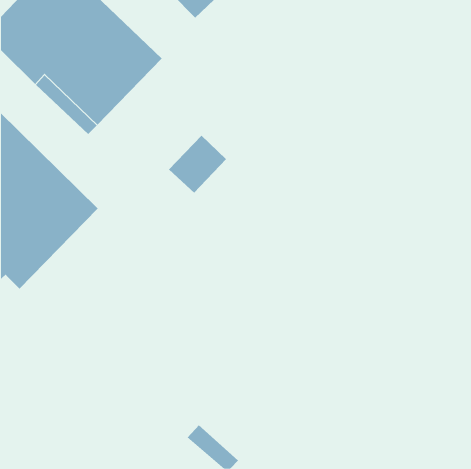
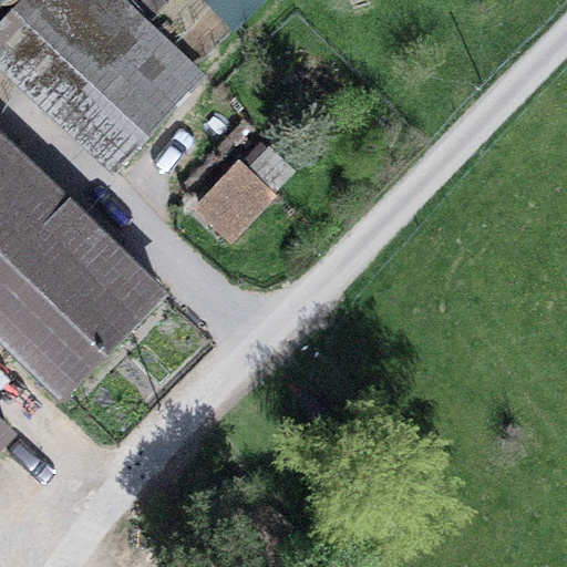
building: none -> [28,248,164,385]

